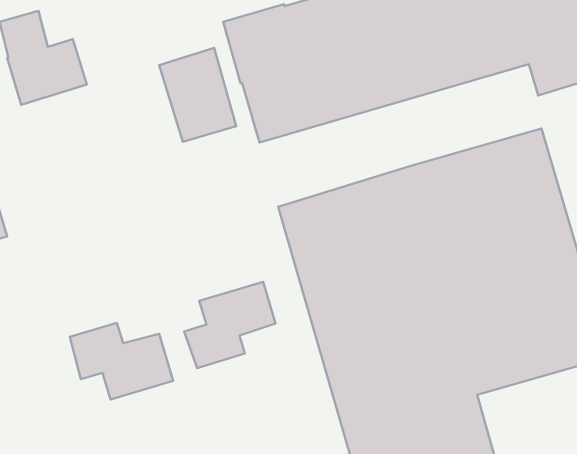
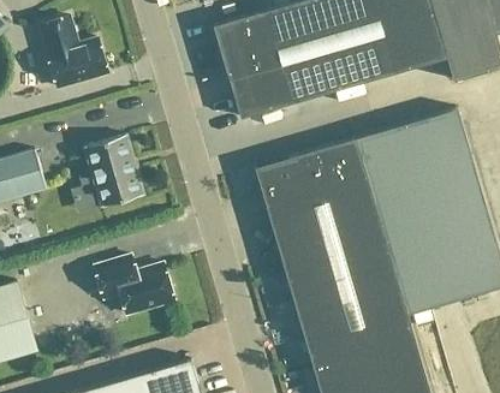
building: [159,48,236,142] -> [84,135,143,207]
building: [184,282,276,368] -> none

